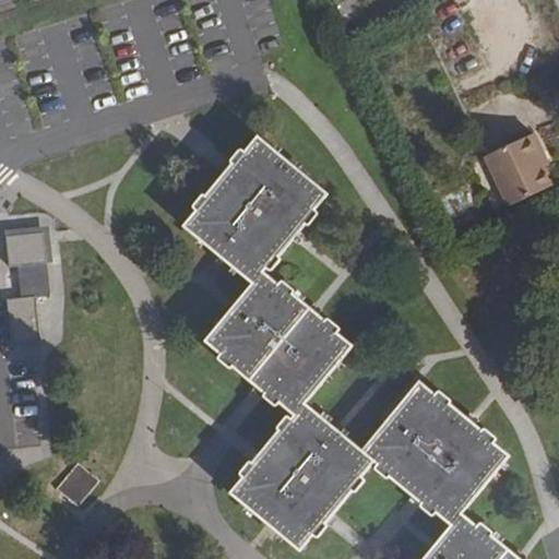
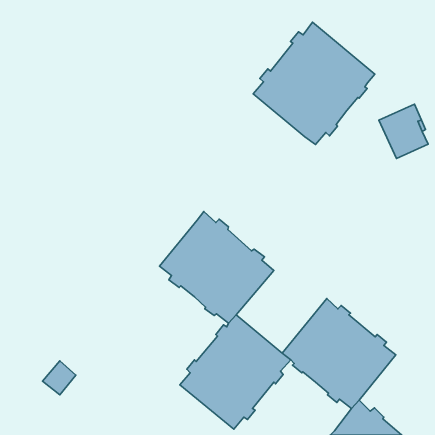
building: none -> [253,22,375,145]
building: [185,138,324,282] -> none
building: [5,230,50,343] -> none

